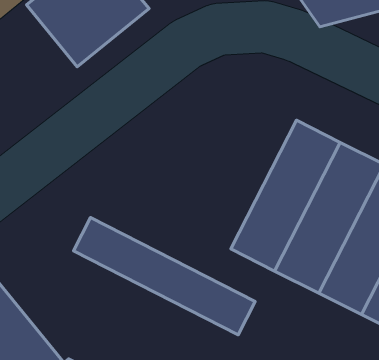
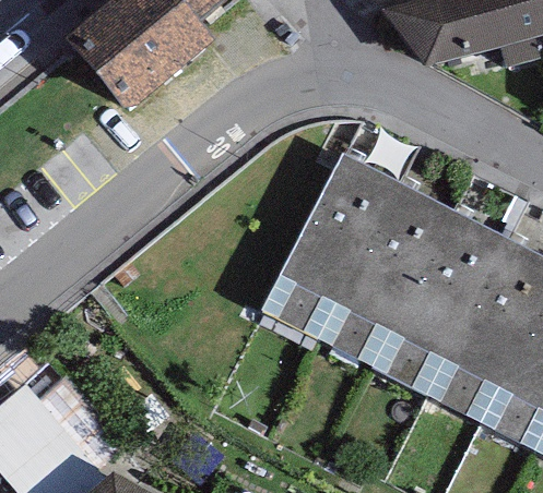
building: none -> [260,153,397,339]
building: [73,218,255,335] -> none

